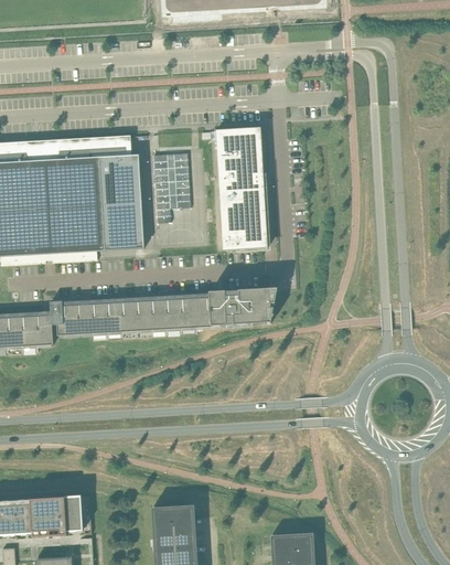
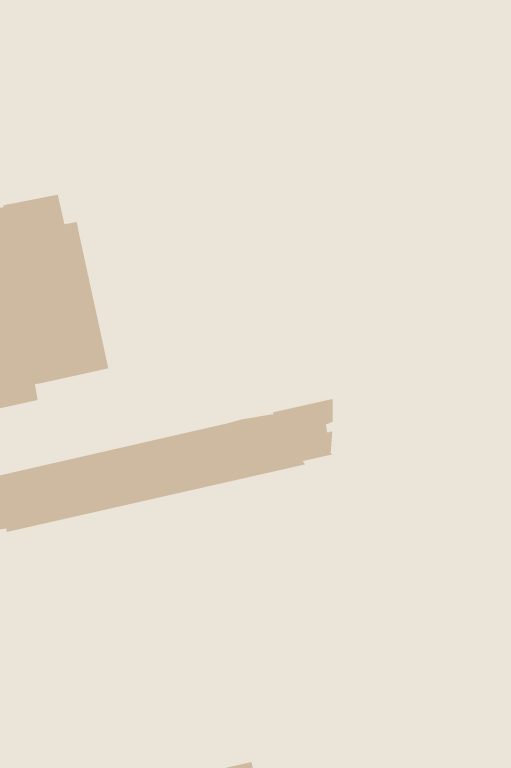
building: [215,127,267,249] -> none
building: [151,151,189,222] -> none

